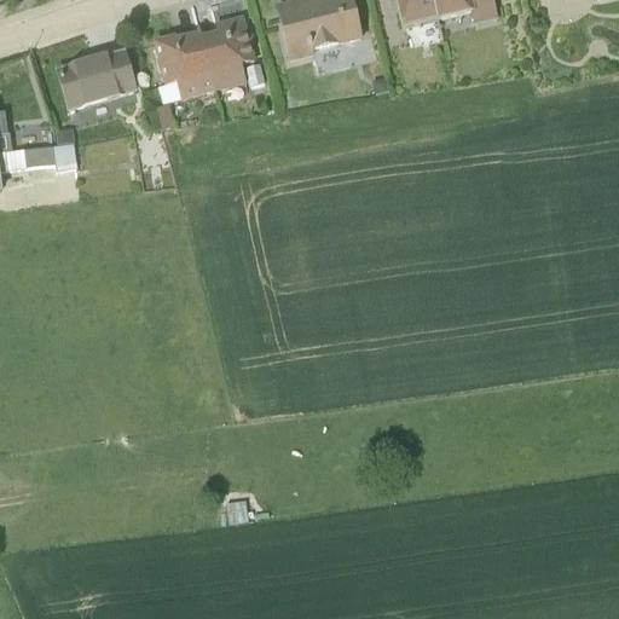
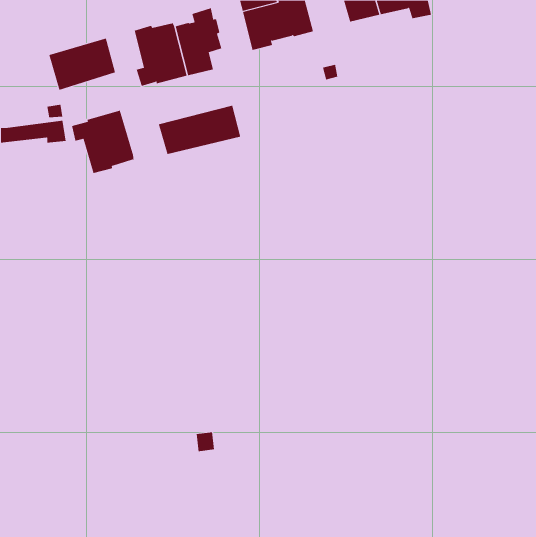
building: none -> [158,105,241,155]
building: none -> [71,110,134,174]

